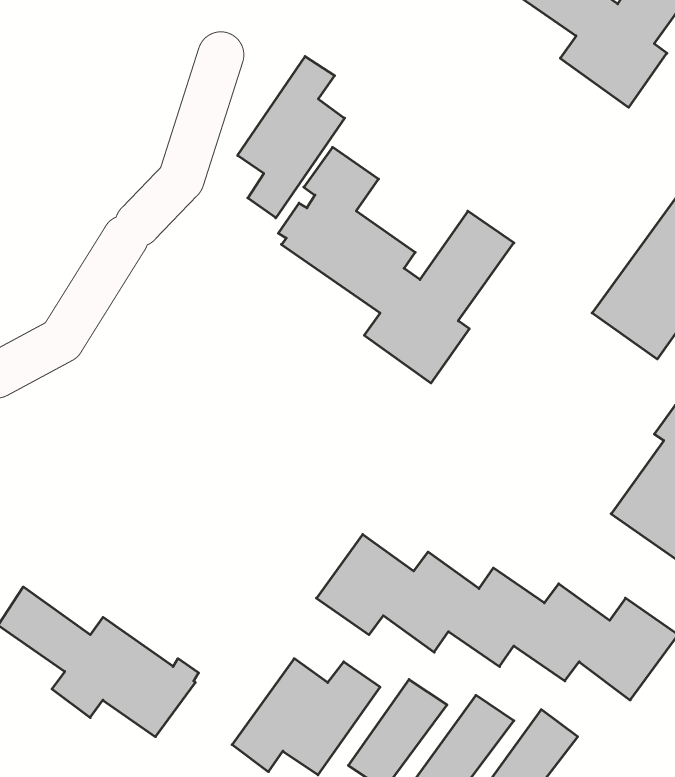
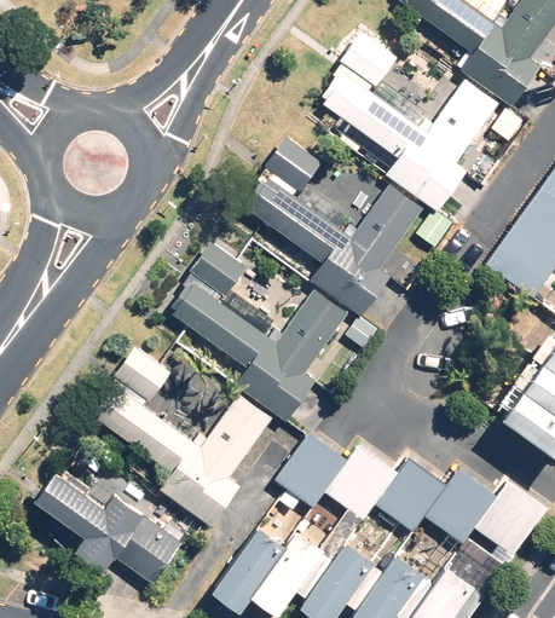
building: none -> [320,33,499,213]
building: [238,56,345,218] -> none
building: none -> [167,242,348,422]
building: none -> [94,347,273,527]

